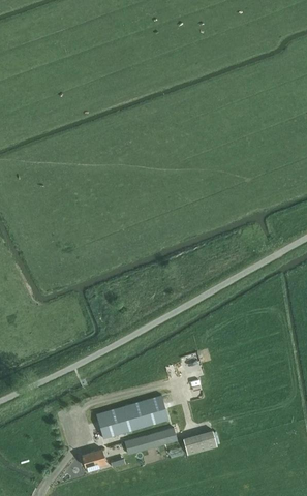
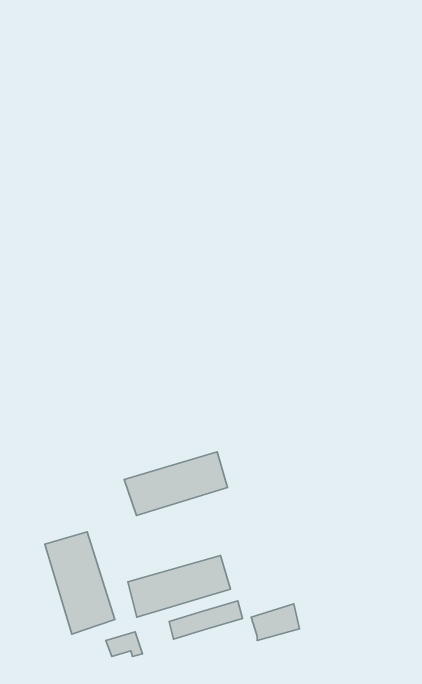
building: none -> [124,452,228,516]
building: none -> [45,532,115,634]

